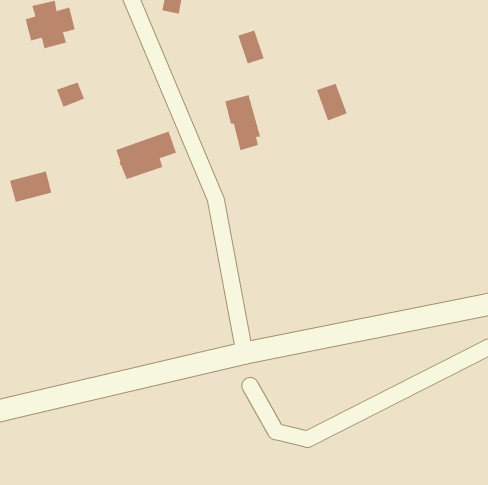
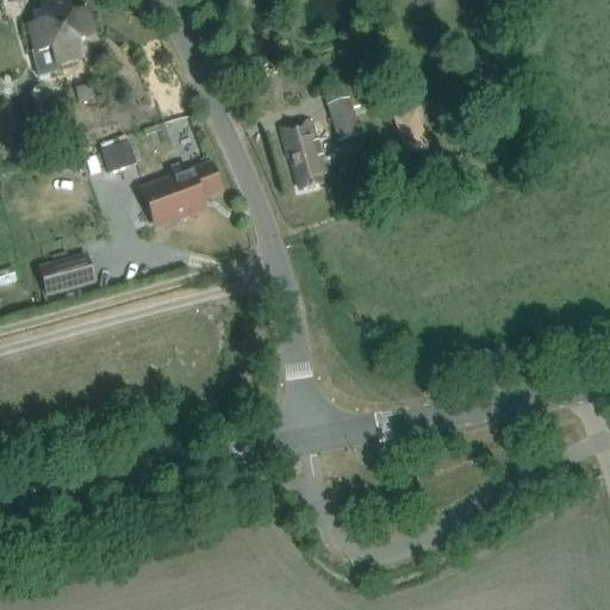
building: [238,30,264,64] -> [326,95,360,138]
building: [56,82,85,107] -> [100,141,136,173]
building: [9,171,52,202] -> [39,254,93,293]

